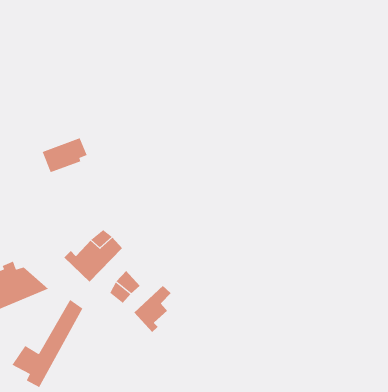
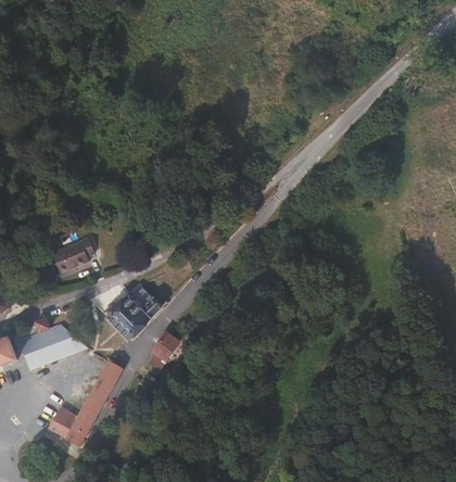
building: [42,137,88,173] -> [48,237,96,274]
building: [133,285,171,333] -> none

